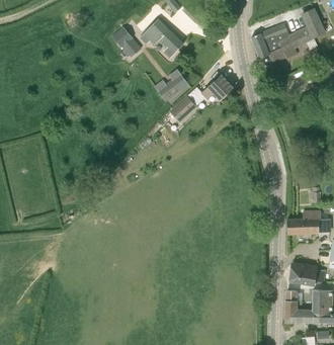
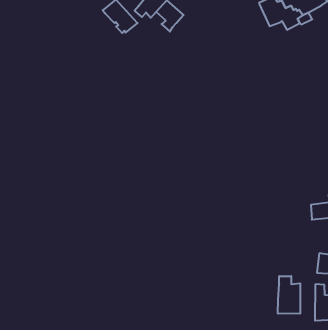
building: [155,70,189,102] -> none
building: [171,75,234,121] -> none
building: none -> [278,276,300,314]

